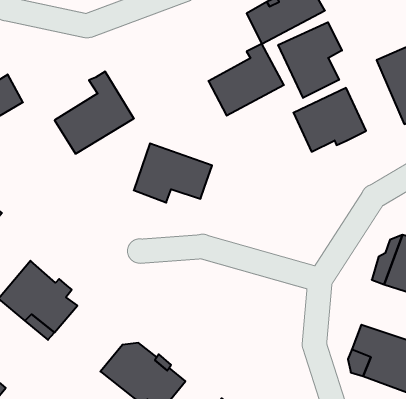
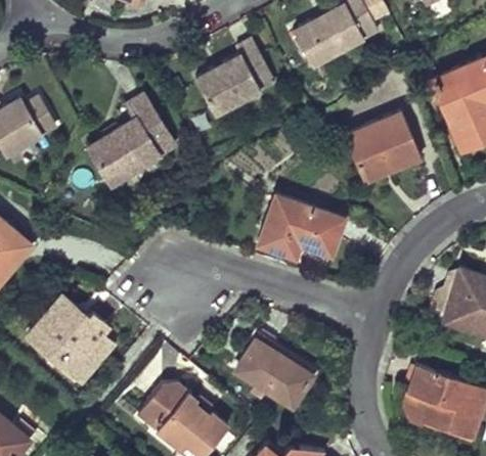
building: [278,22,342,98] -> none
building: [208,44,284,116] -> [195,40,276,117]
building: [134,143,212,203] -> [259,196,343,260]
building: none -> [236,334,315,408]

